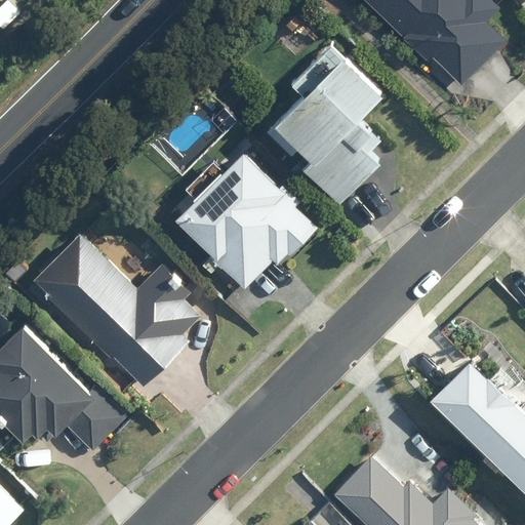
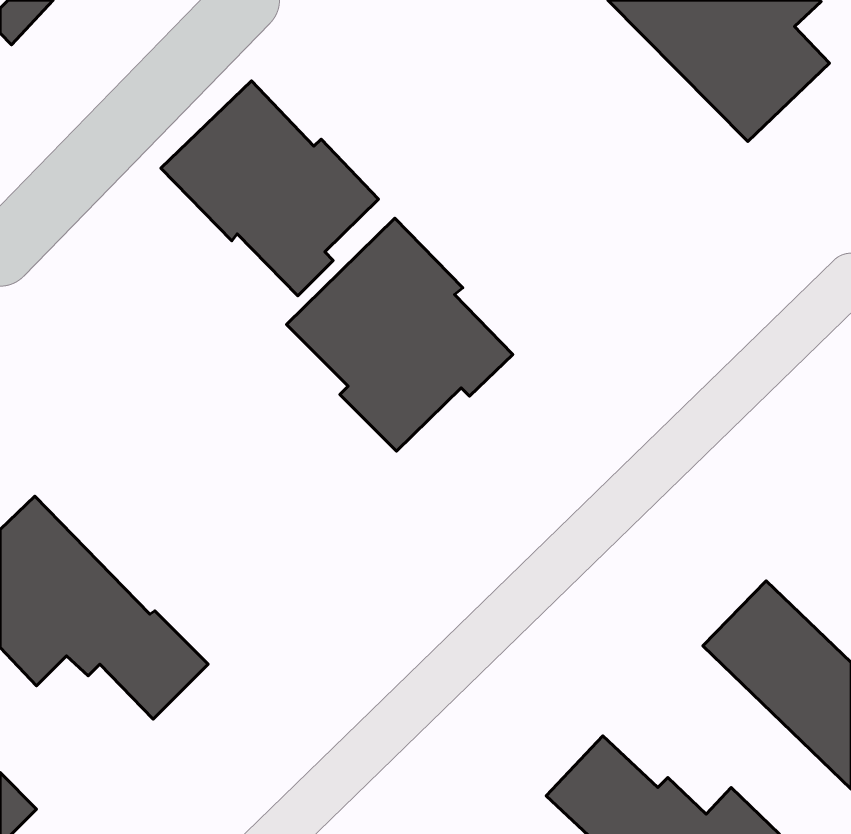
building: [266,46,381,201] -> none
building: none -> [161,81,378,296]
building: [35,231,200,386] -> none

